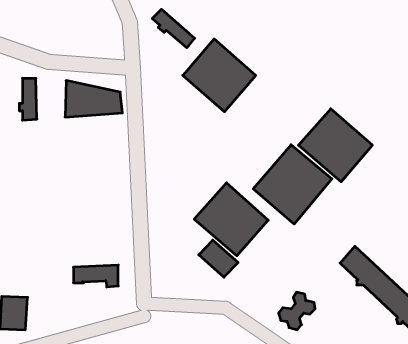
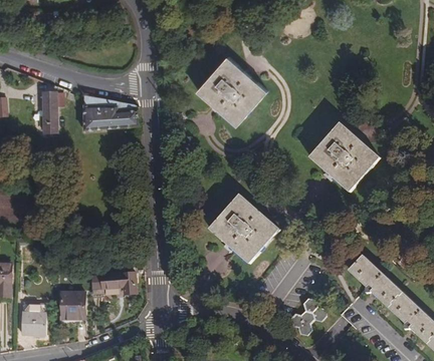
building: [152,9,195,48] -> none
building: [253,145,332,224] -> none
building: [199,240,238,277] -> none
building: none -> [61,293,83,320]

